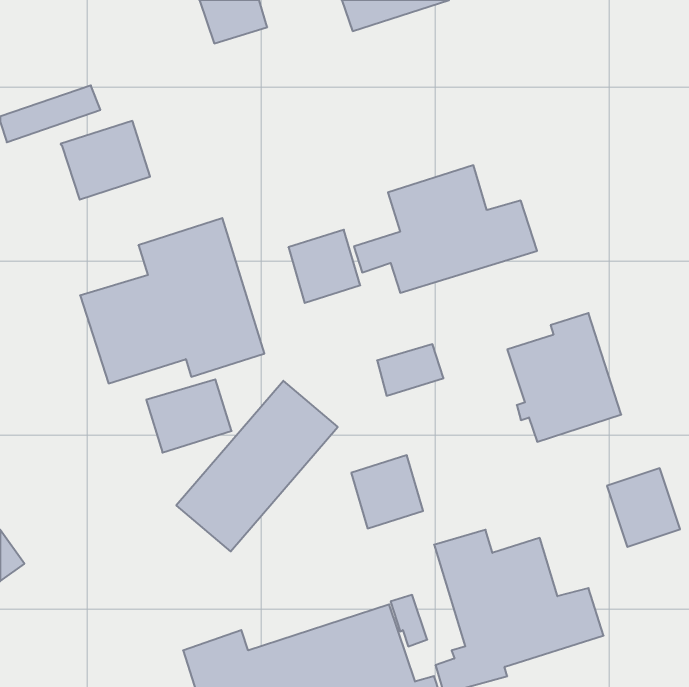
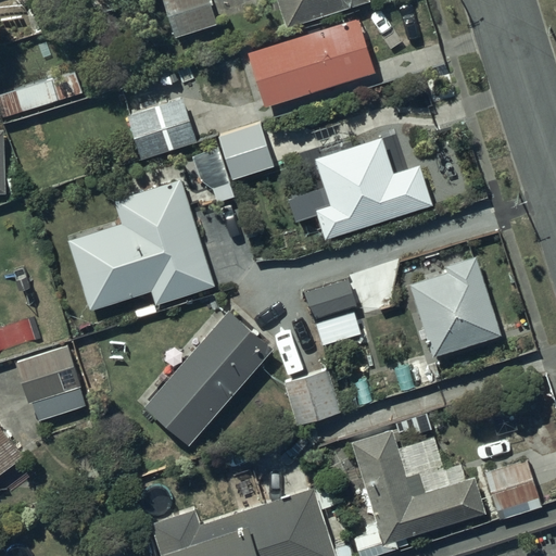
building: none -> [245,18,374,106]
building: [61,121,150,200] -> [126,98,198,161]
building: [288,230,360,303] -> [218,123,276,181]
building: [146,379,232,453] -> [14,346,83,405]
building: [607,468,680,547] -> [483,458,542,521]

